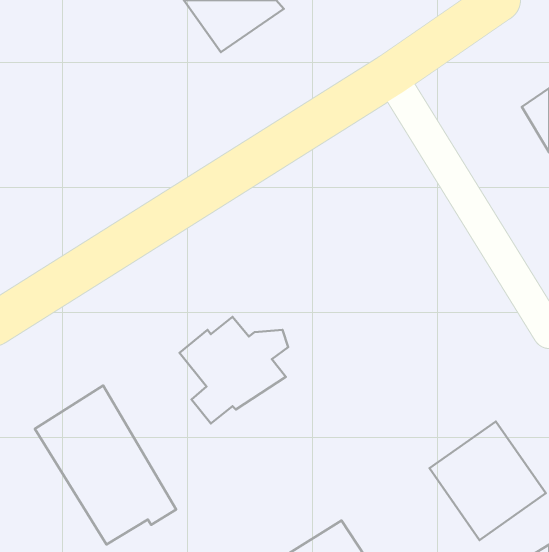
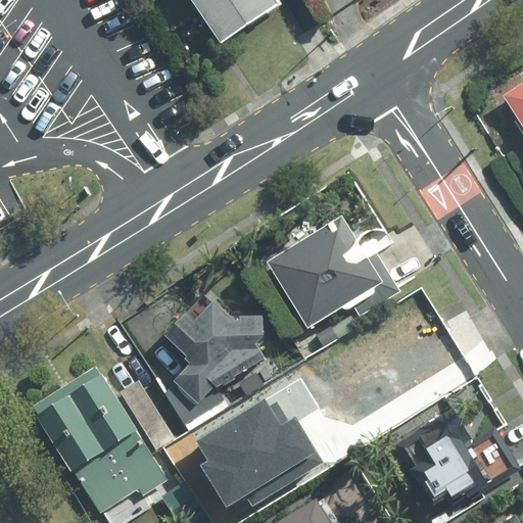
building: none -> [270,209,391,327]
building: none -> [191,403,317,511]

